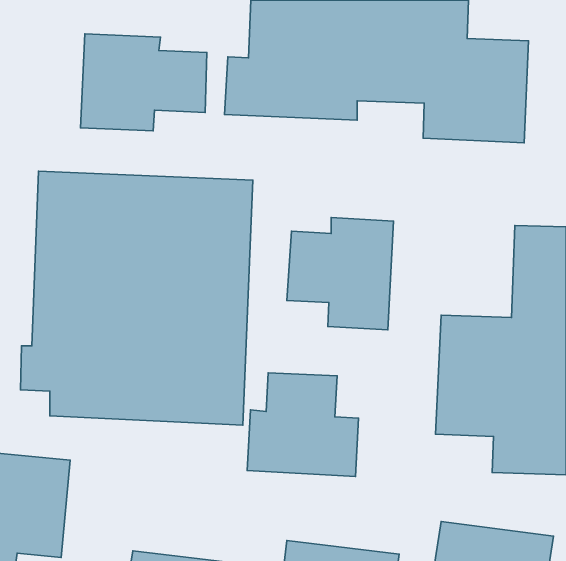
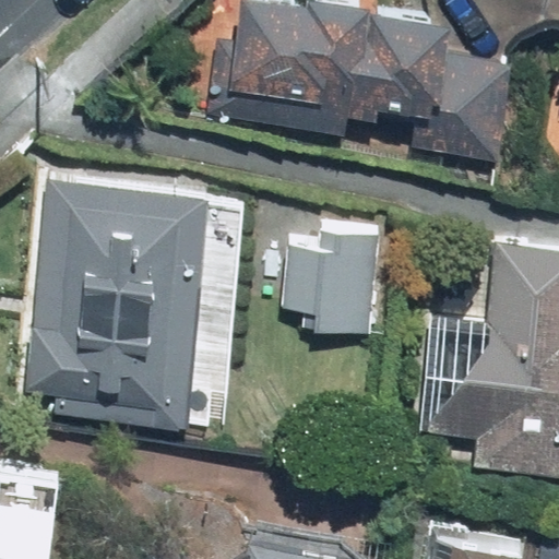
building: [81,34,207,131] -> none
building: [247,373,358,477] -> none

